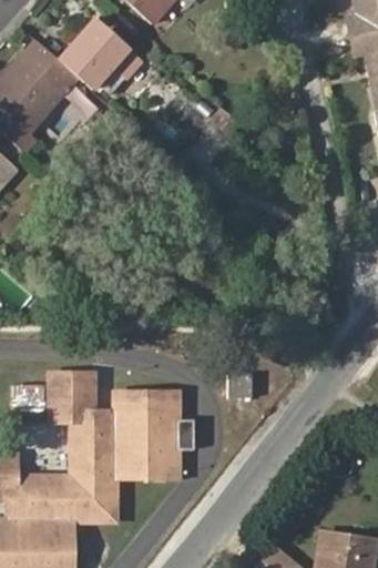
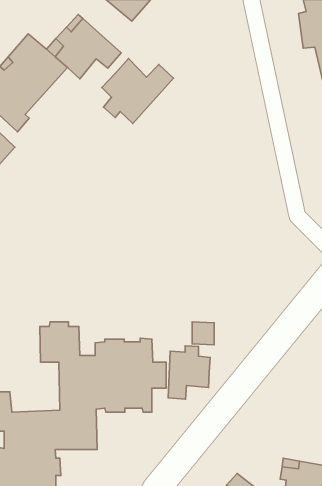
building: none -> [102,59,174,124]
building: none -> [168,346,210,399]

